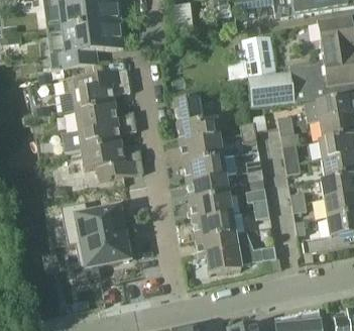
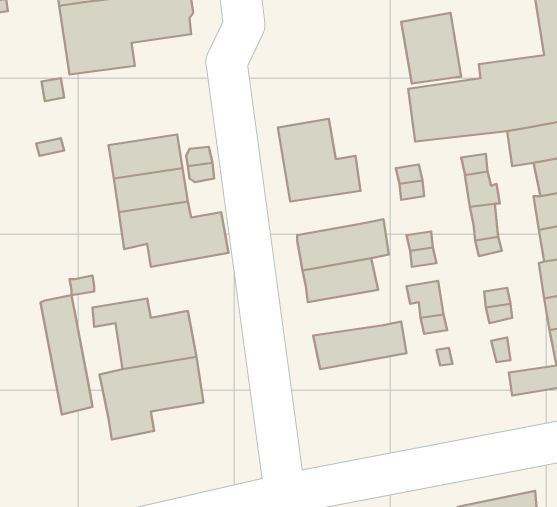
building: [63,70,130,111] -> none
building: [180,137,223,162] -> none
building: [190,194,233,220] -> none
building: none -> [41,295,93,414]
building: [197,230,278,270] -> none

